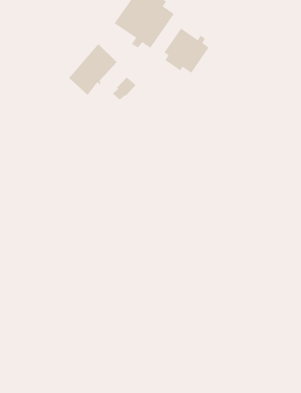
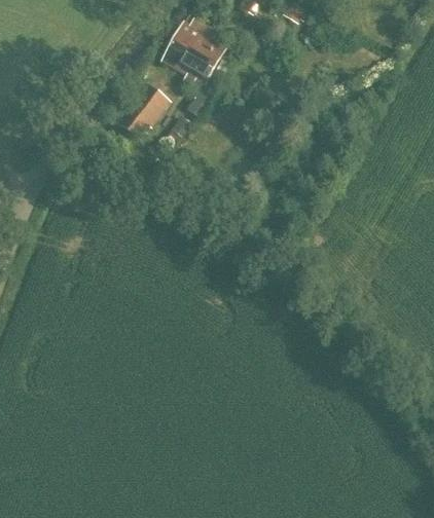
building: [164,27,210,74] -> none

